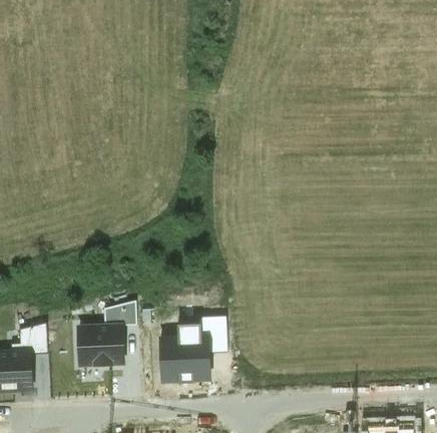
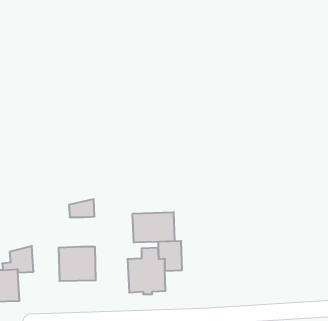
building: none -> [133,212,175,243]
building: [104,303,135,325] -> [69,199,95,217]

